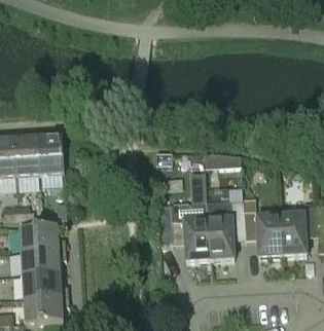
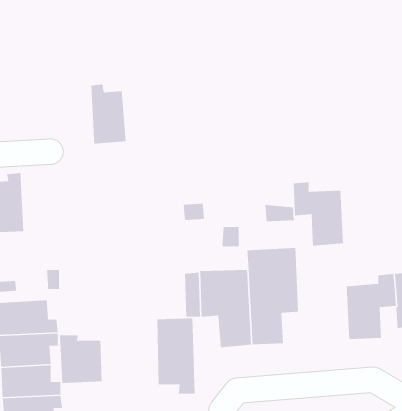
building: [38,131,65,176] -> [91,84,126,145]
building: [244,210,282,258] -> [293,181,344,247]
building: none -> [156,318,196,394]
building: none -> [59,335,102,384]

